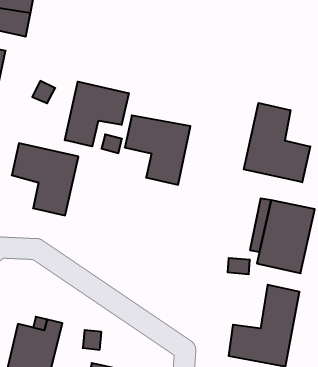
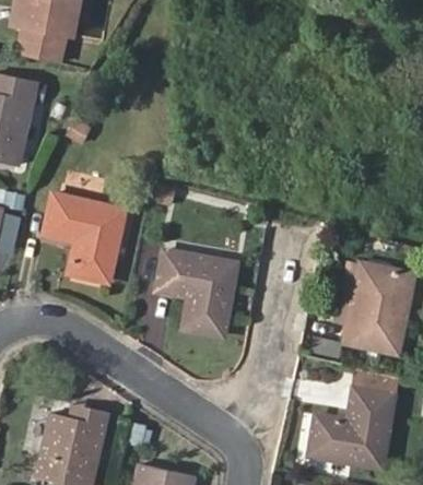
building: [65,82,129,146] -> none
building: [244,103,310,182] -> none
building: [125,115,190,185] -> [157,251,238,336]

